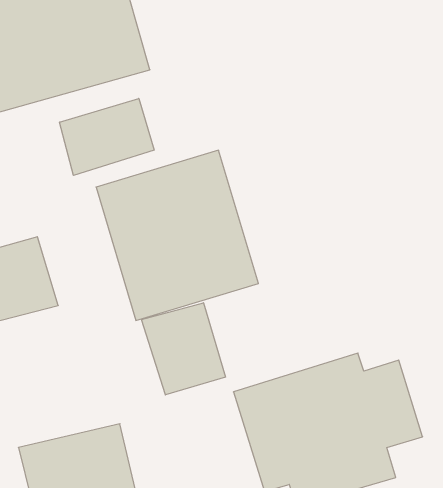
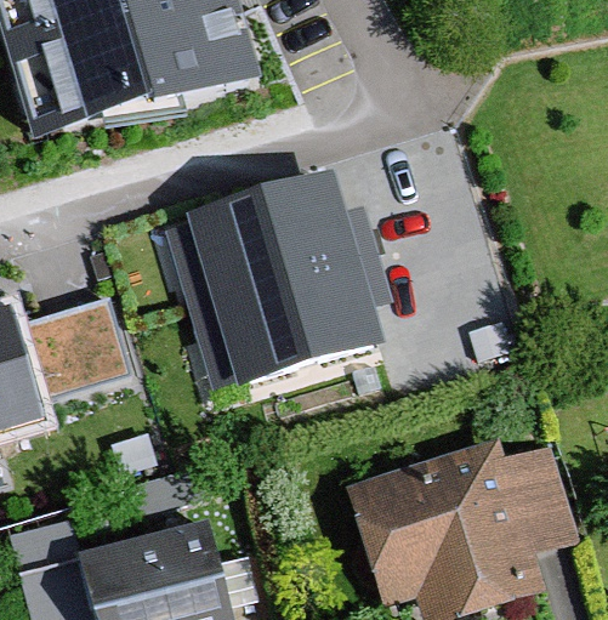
building: [60,98,154,175] -> none
building: [141,303,226,395] -> none

